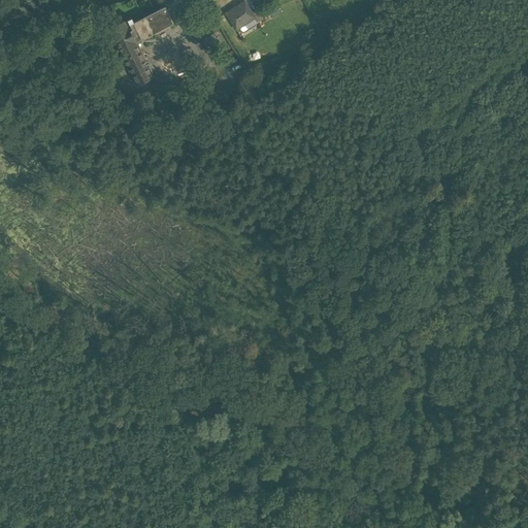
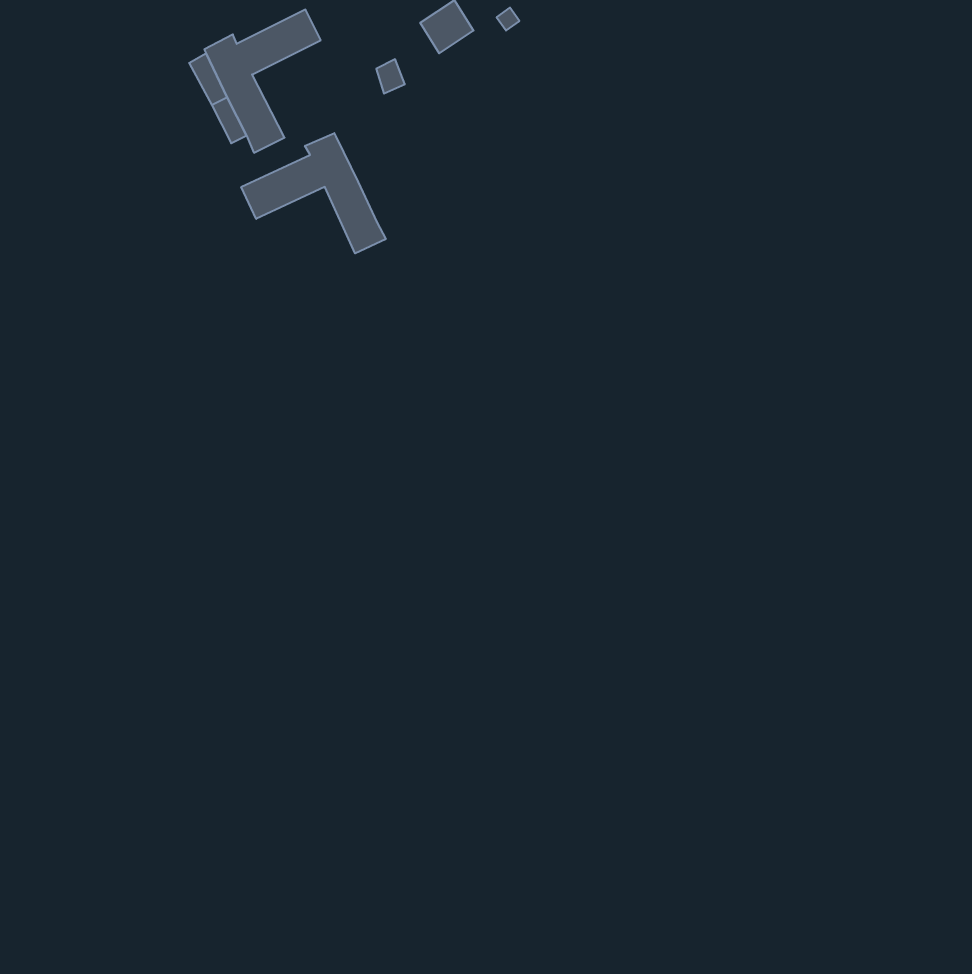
building: none -> [241,133,386,253]

